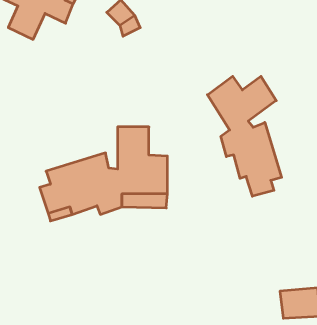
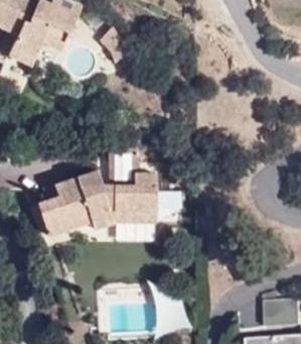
building: [207,76,282,196] -> none

